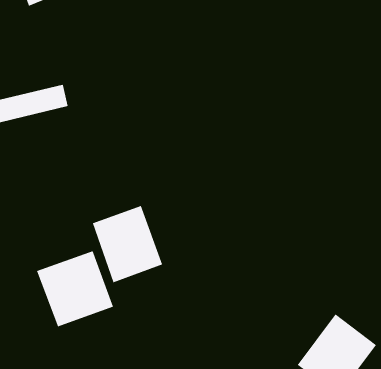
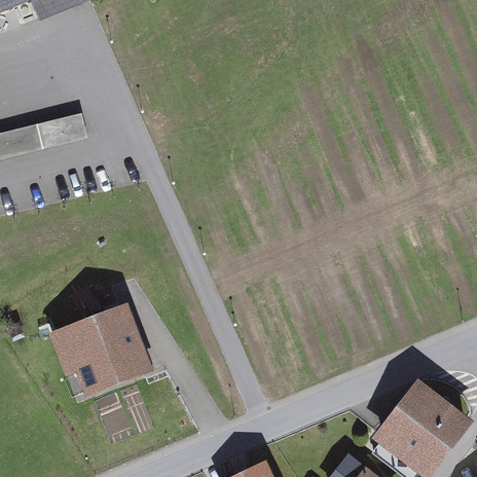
building: [92,205,163,283] -> none

